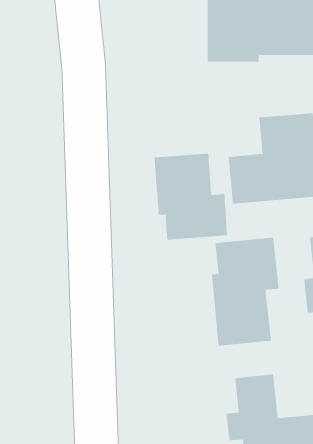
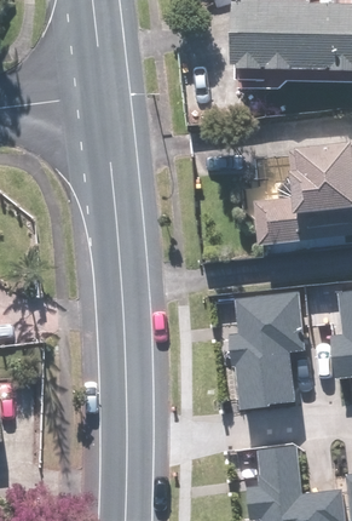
building: [154,153,227,241] -> none

